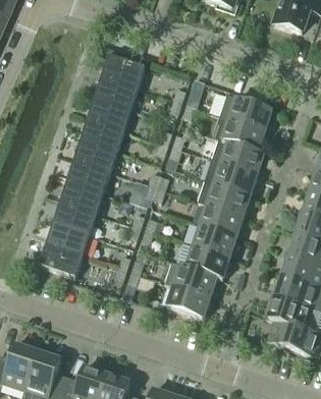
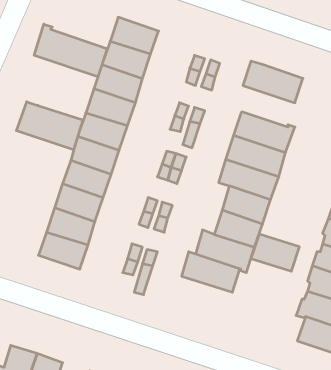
building: none -> [34,24,107,77]
building: [212,115,265,152] -> none
building: none -> [16,102,83,150]
building: [167,286,210,319] -> [251,234,299,271]

